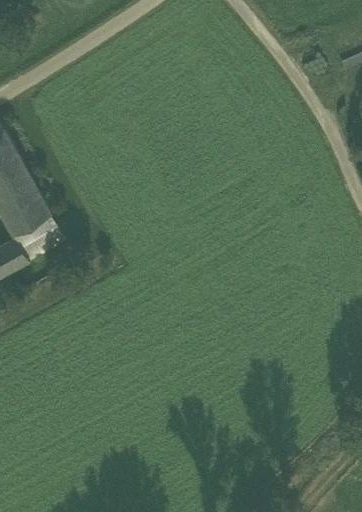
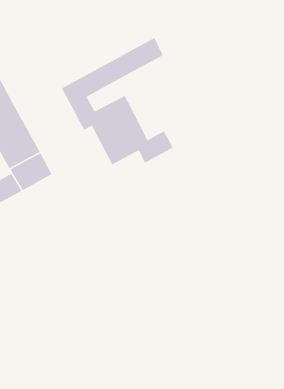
building: none -> [61,37,174,166]

